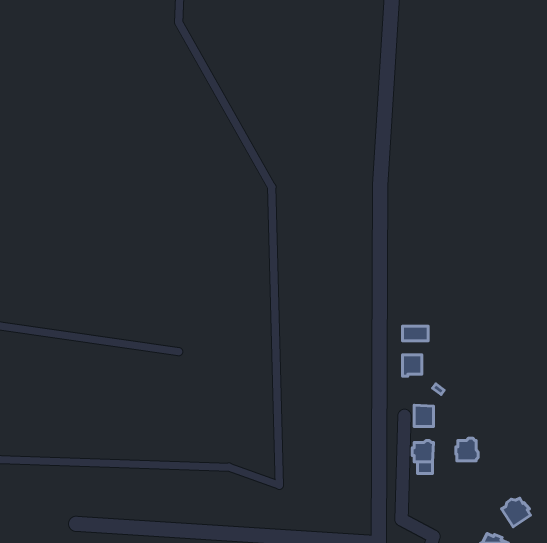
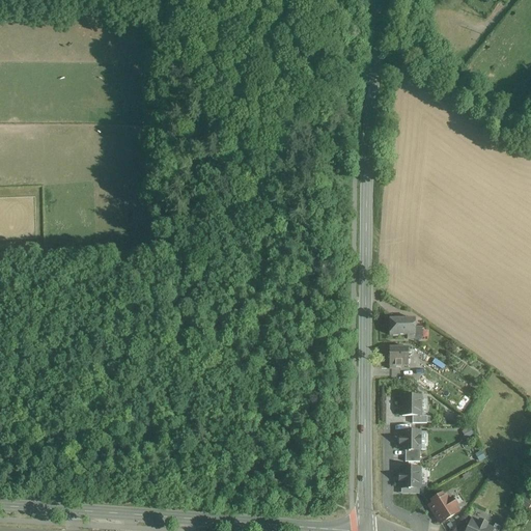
building: [456,438,478,461] -> [399,464,421,485]
building: [502,498,530,527] -> [429,493,457,521]

